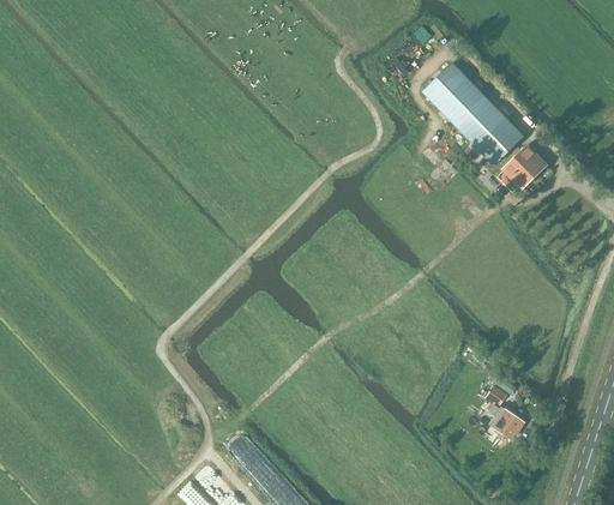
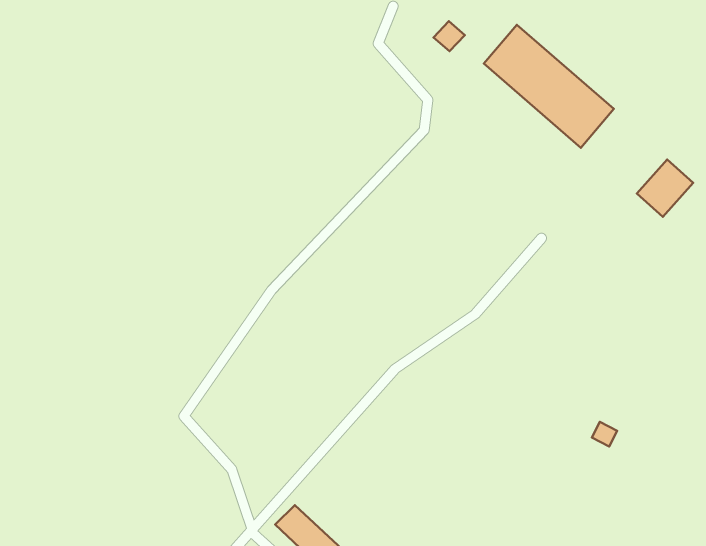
building: [501,144,547,190] -> [637,159,693,217]
building: [488,407,522,439] -> none

